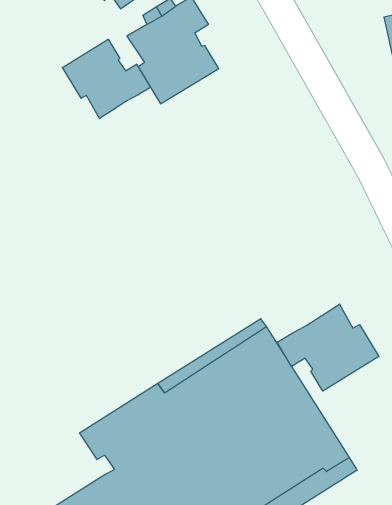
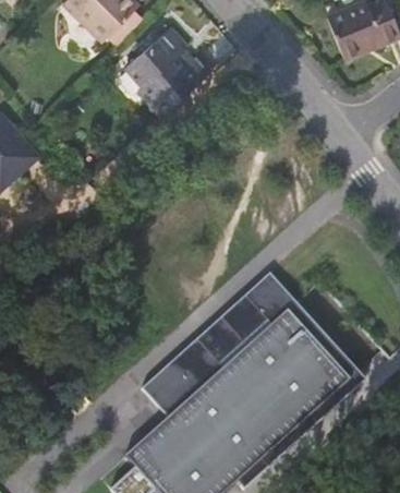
building: [62,39,151,119] -> none
building: [277,304,379,391] -> none

